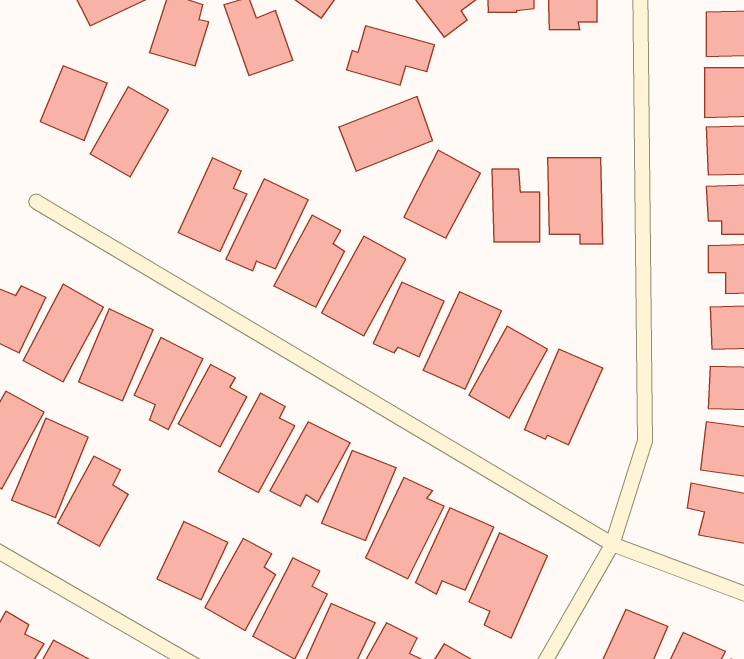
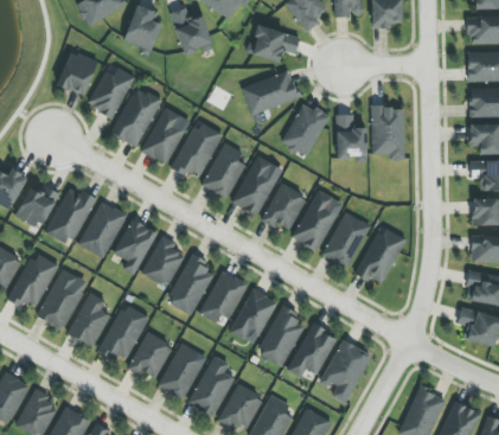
building: none -> [110,85,160,147]
building: none -> [97,303,148,360]

